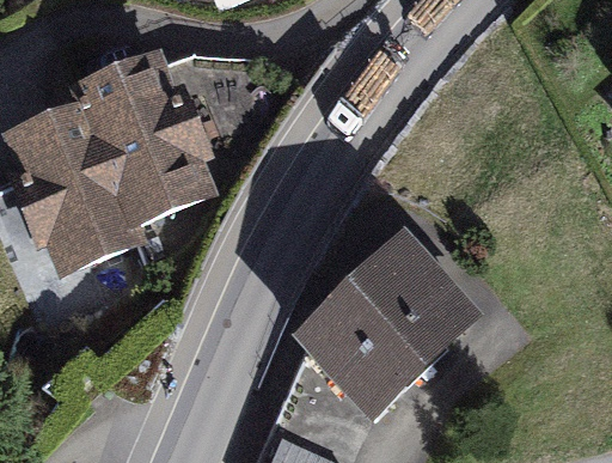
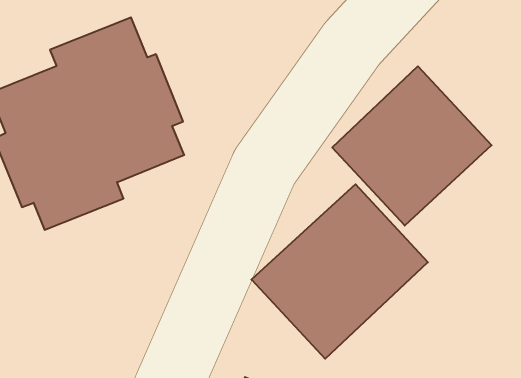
building: none -> [332,66,492,226]

